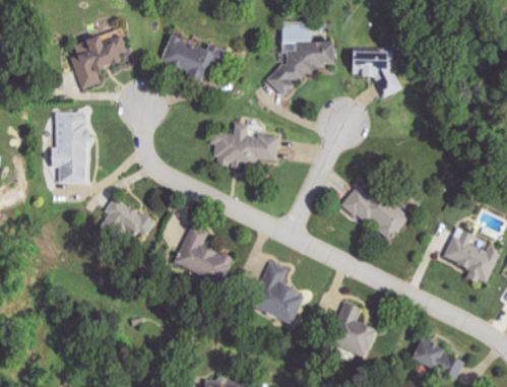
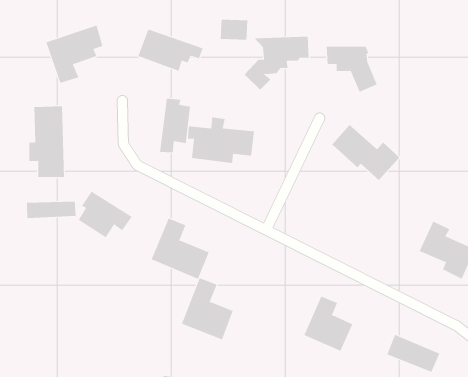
building: [281,20,310,42] -> [220,19,248,40]
building: none -> [160,98,191,153]
building: [341,183,410,240] -> [331,124,400,181]
building: none -> [27,201,76,219]
building: [251,260,304,323] -> [181,277,234,340]

